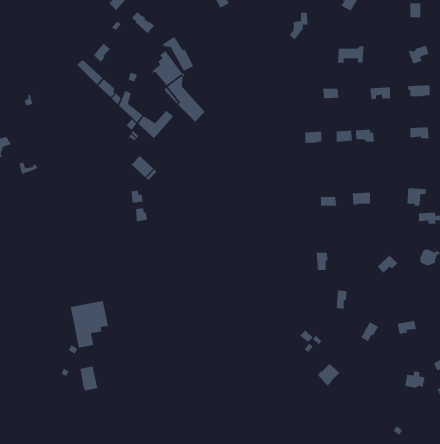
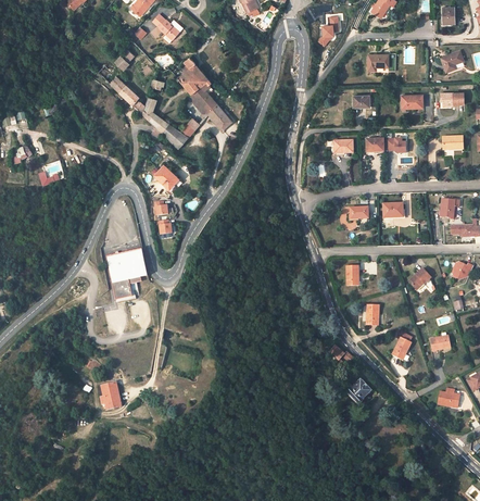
building: [162,36,194,72] -> none
building: [70,300,109,348] -> [106,249,147,299]

